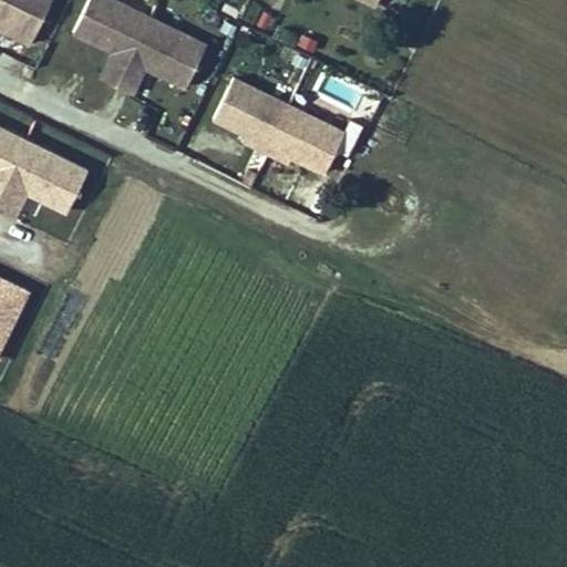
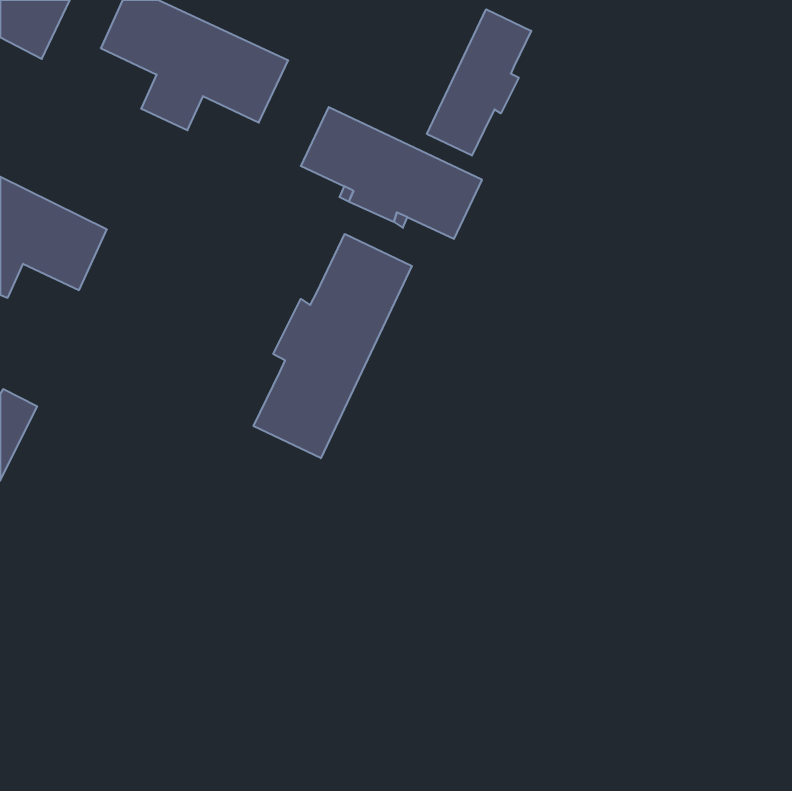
building: none -> [427,9,531,156]
building: none -> [254,234,412,458]

